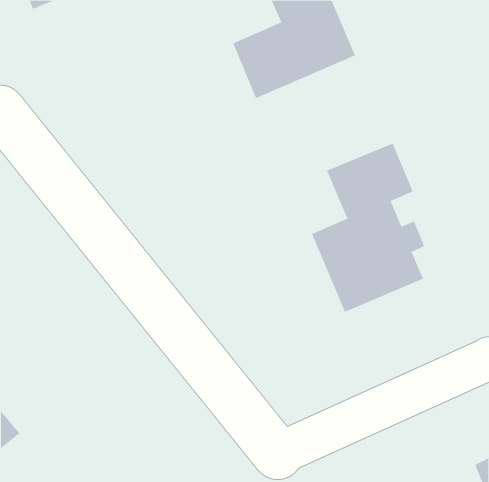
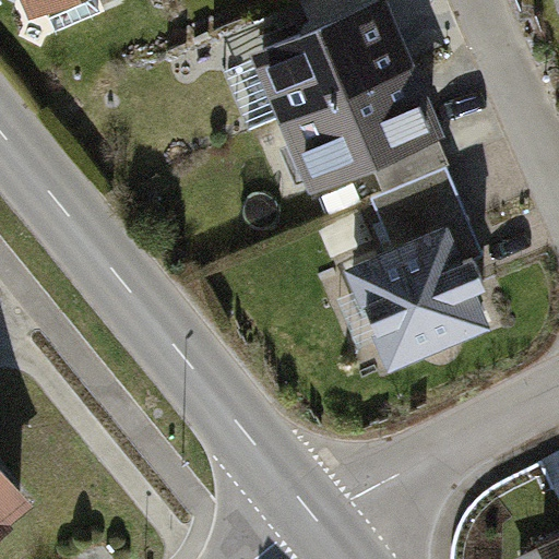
building: none -> [292,72,449,197]

